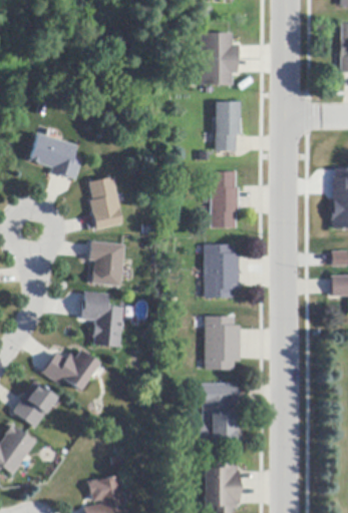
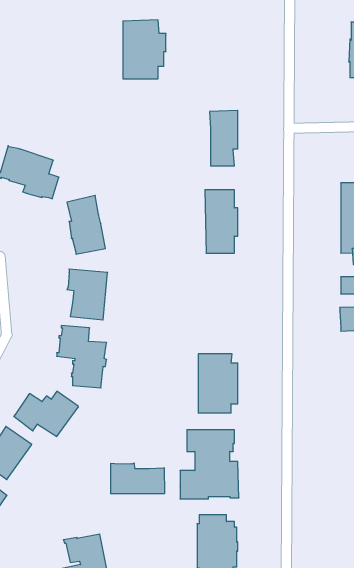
building: [202,32,240,84] -> [123,20,166,79]
building: [206,244,241,298] -> none
building: none -> [111,463,164,494]

